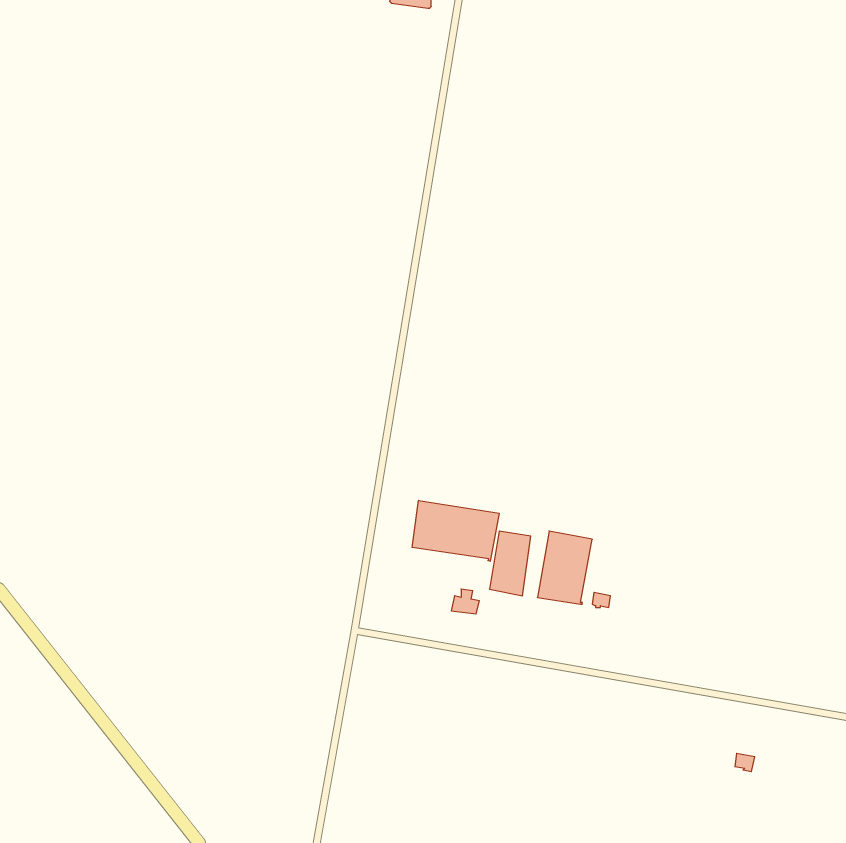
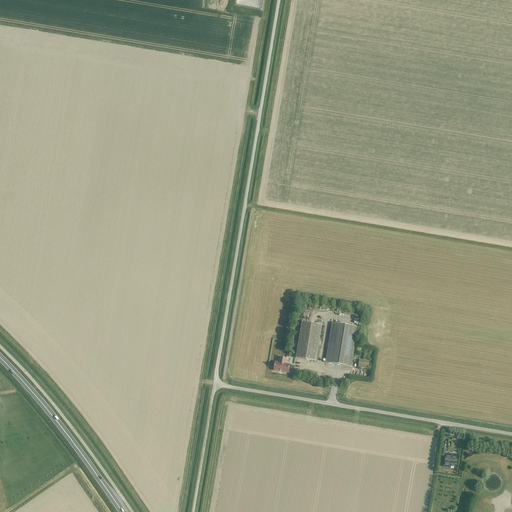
building: [412,500,499,561] -> none

